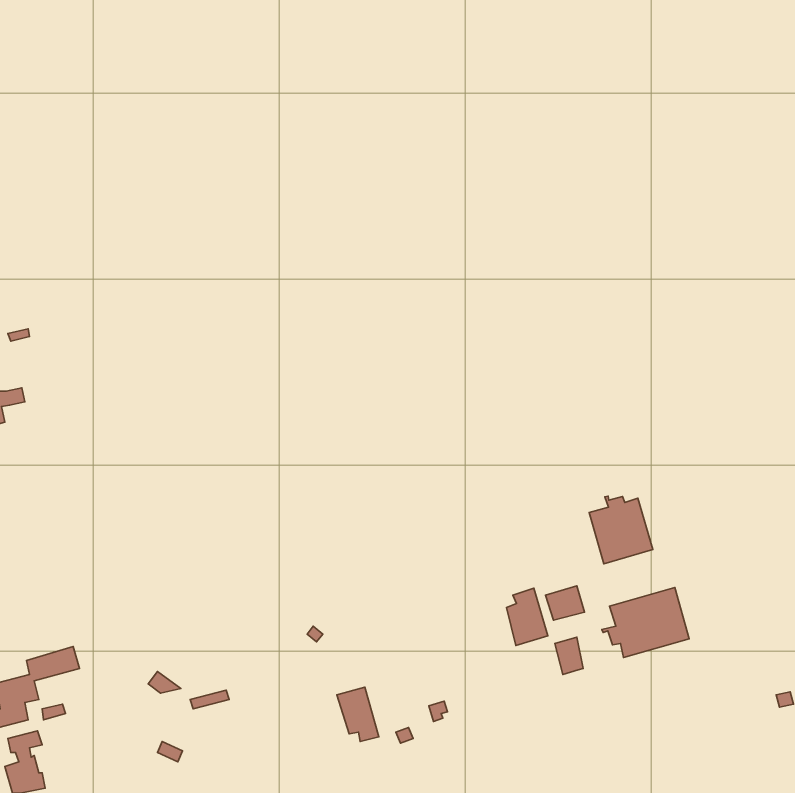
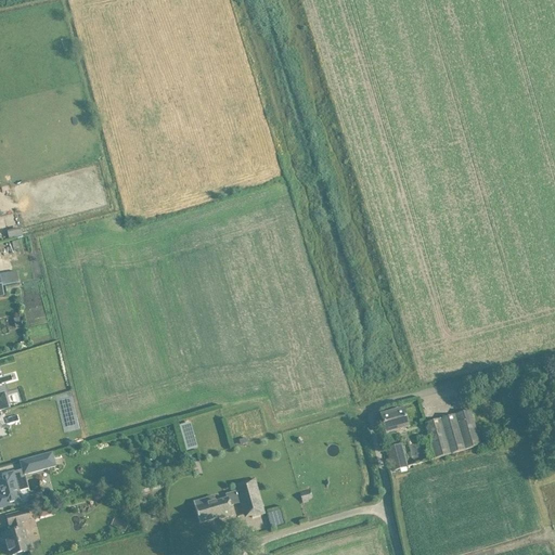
building: [589,496,653,564] -> none
building: [507,588,548,645] -> none
building: none -> [192,496,232,521]

